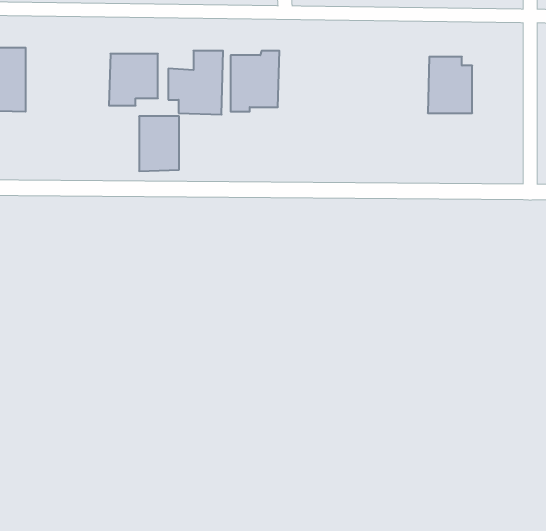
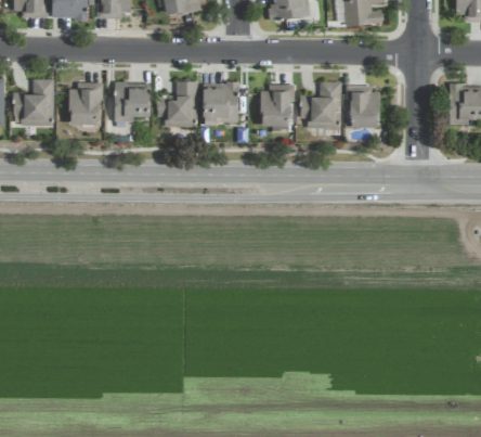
building: none -> [299,81,340,129]
building: none -> [260,85,291,126]
building: [139,116,179,171] -> [69,85,99,125]

